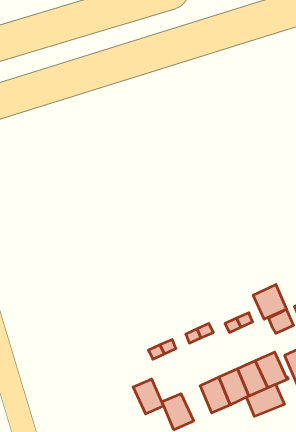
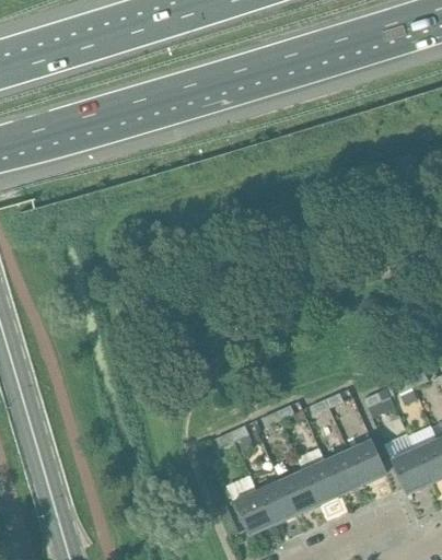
building: [253,284,286,319] -> none
building: [133,379,163,414] -> [257,481,294,524]
building: [246,384,284,416] -> none

